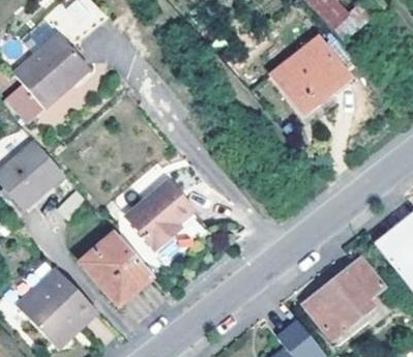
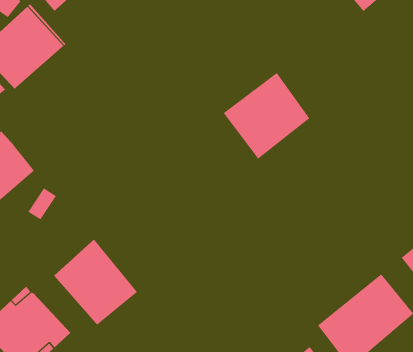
building: [271,38,346,113] -> [223,72,310,159]
building: [124,179,206,261] -> none

